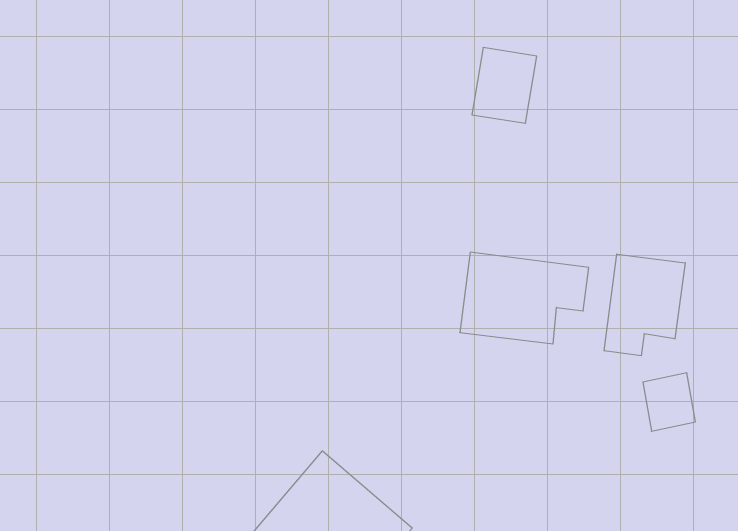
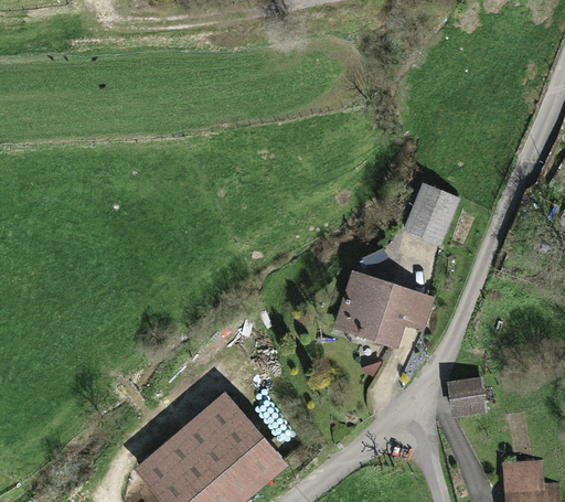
building: [472,48,537,123] -> [404,189,455,245]
building: [604,254,685,356] -> none

